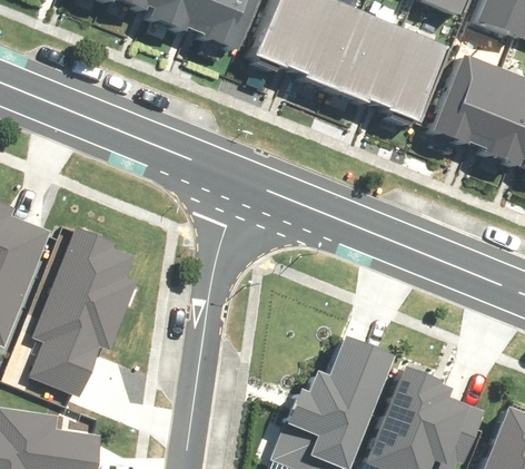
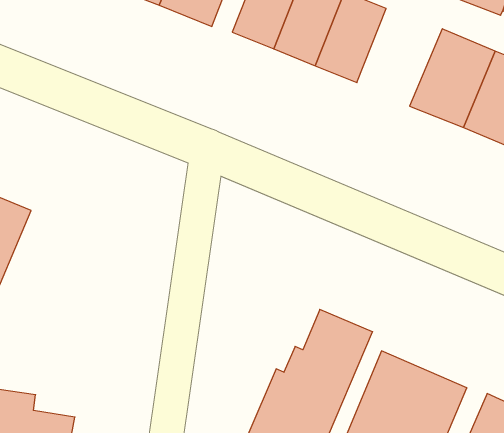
building: [377,31,447,120] -> none
building: [29,224,136,398] -> none

